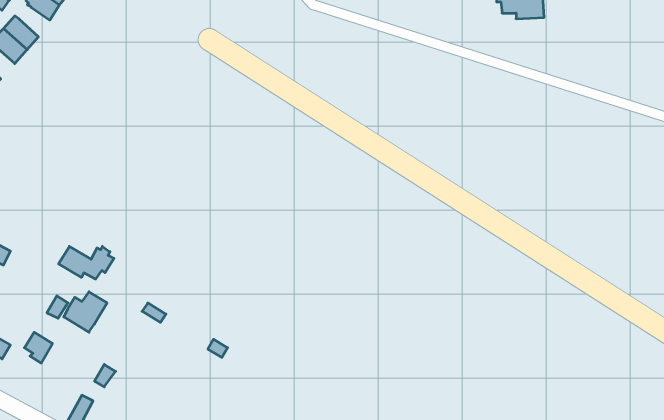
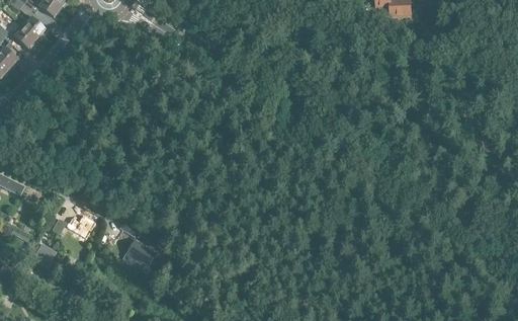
building: [59,246,114,279] -> none
building: none -> [122,240,154,266]

